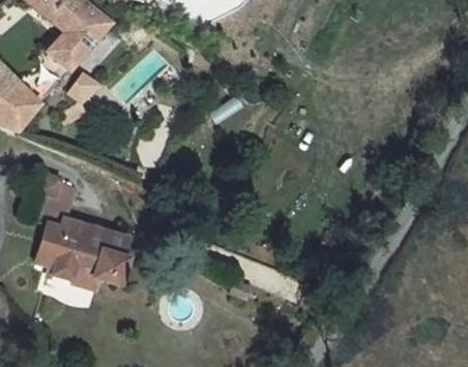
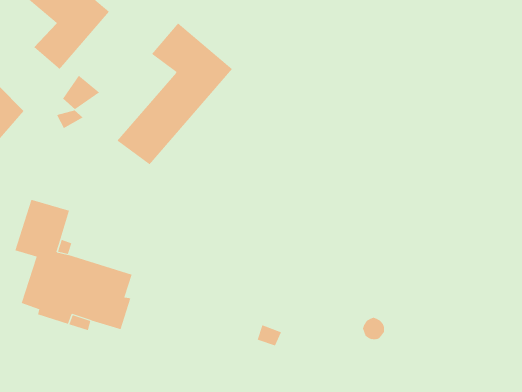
building: none -> [117,23,233,165]

